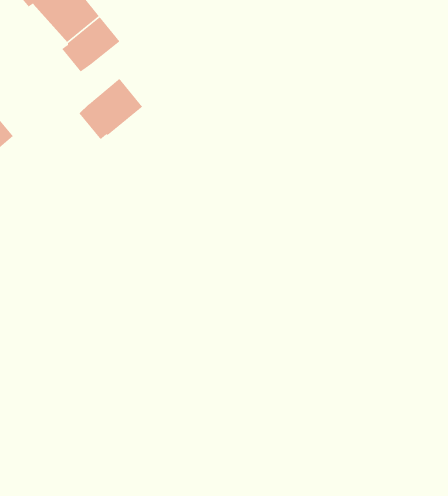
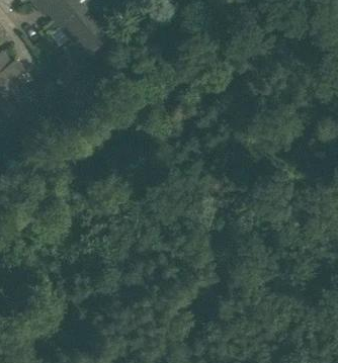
building: [78,78,143,140] -> none

